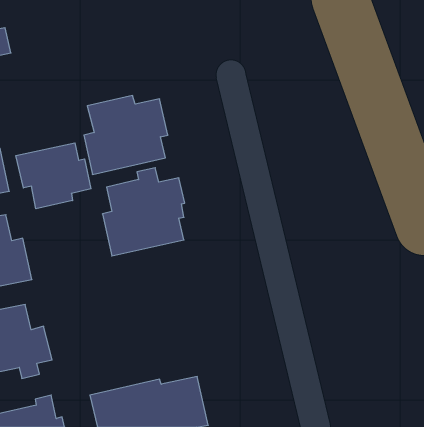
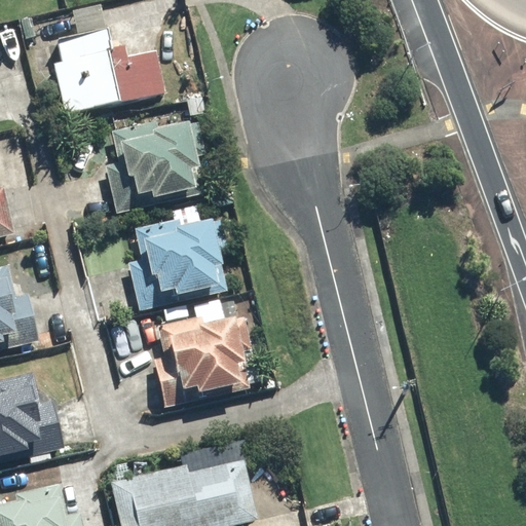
building: none -> [51,29,162,115]
building: [16,143,91,209] -> none
building: none -> [151,314,254,408]

